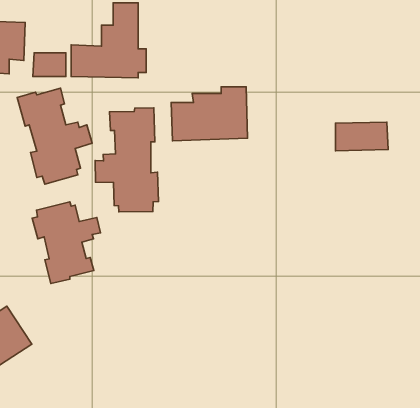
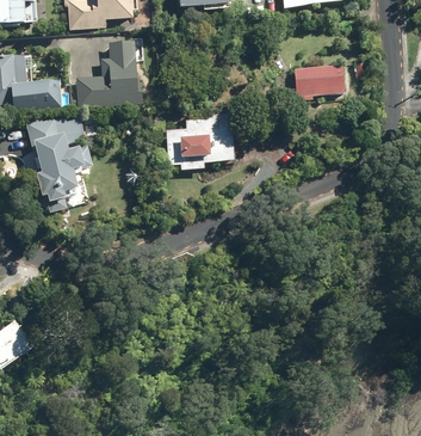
building: [95,108,159,212] -> none
building: [335,122,388,151] -> [295,67,342,93]
building: [32,202,101,284] -> none

